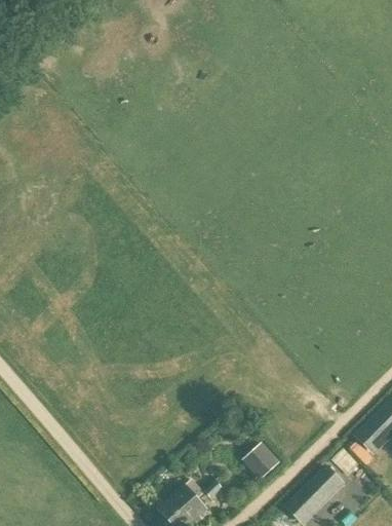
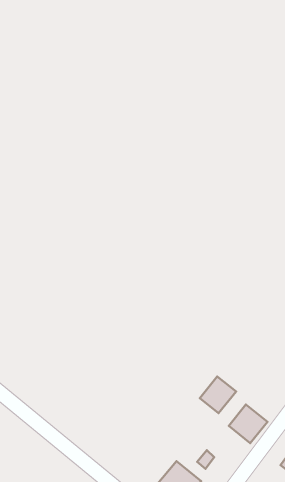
building: none -> [200,376,236,413]

